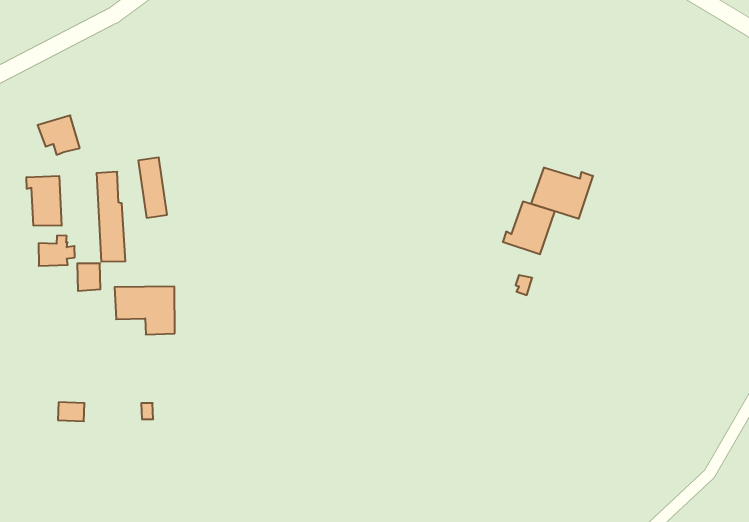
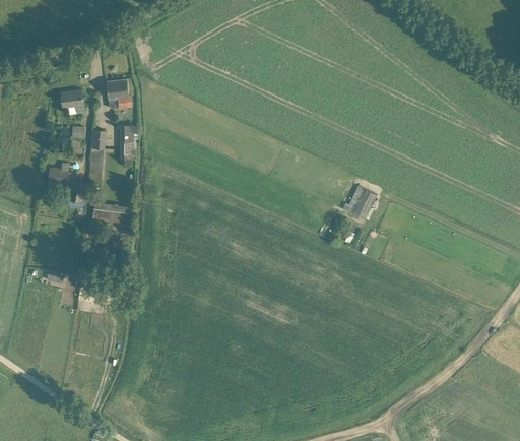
building: none -> [106,78,131,109]
building: [531,167,593,219] -> none
building: [27,176,62,226] -> none

